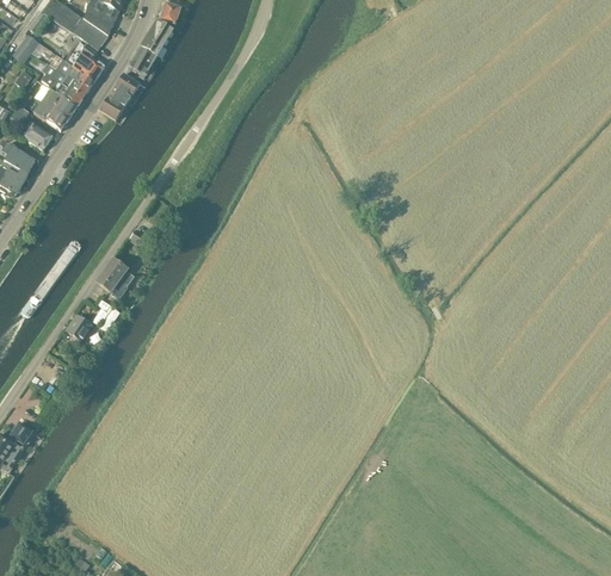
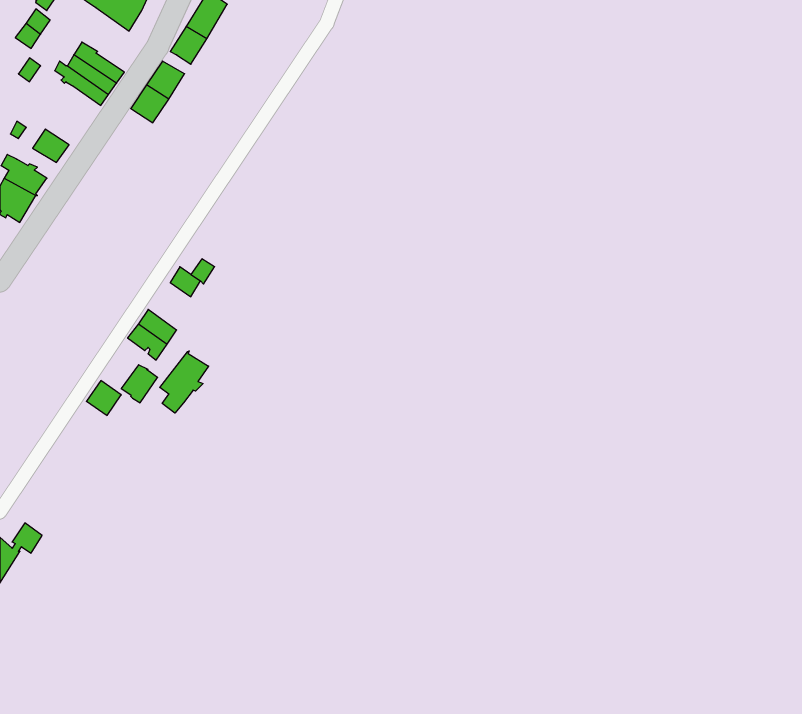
building: [73,45,104,81] -> none
building: [33,88,76,130] -> none
building: none -> [160,351,209,413]

